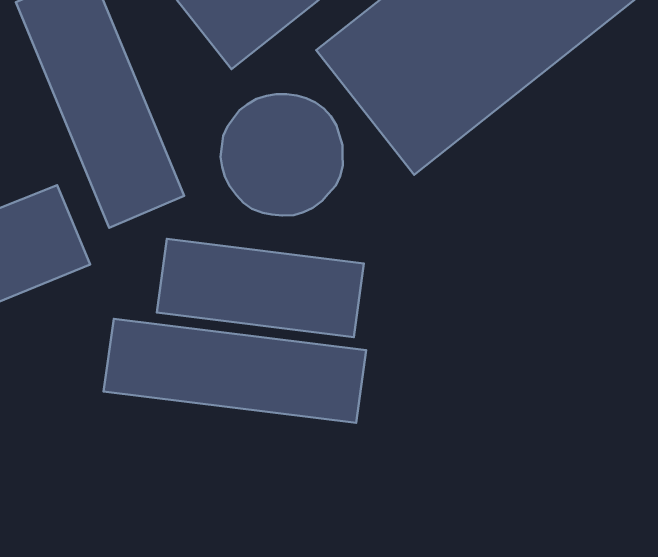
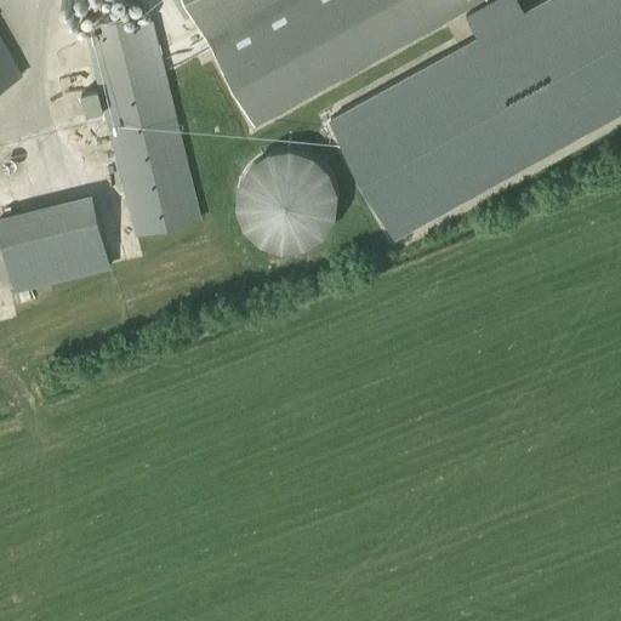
building: [157,239,364,337] -> none
building: [104,319,366,423] -> none

